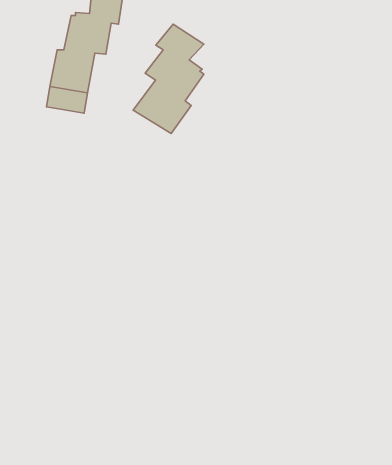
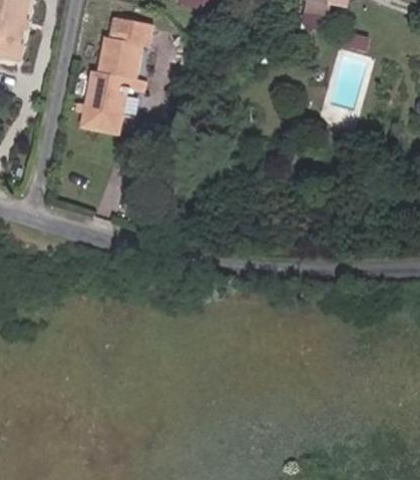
building: [133,24,204,133] -> none

